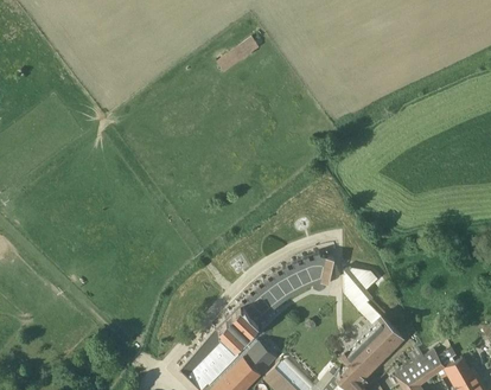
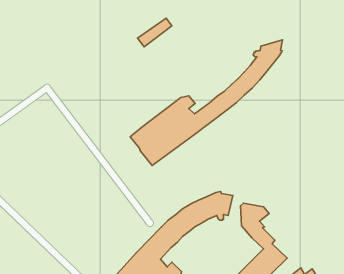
building: none -> [130,40,282,165]

